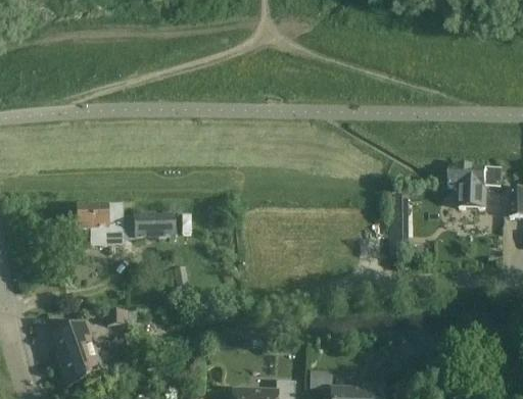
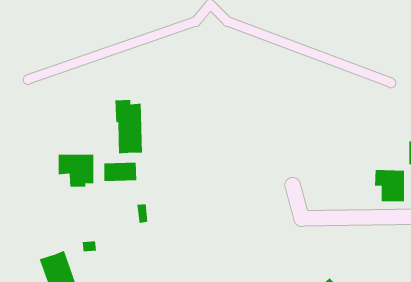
building: none -> [115,99,142,154]
building: [447,164,485,204] -> [374,170,405,202]

